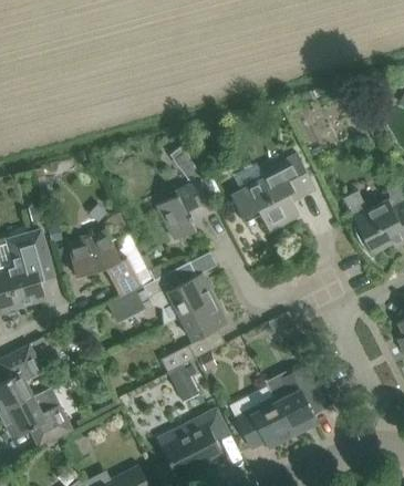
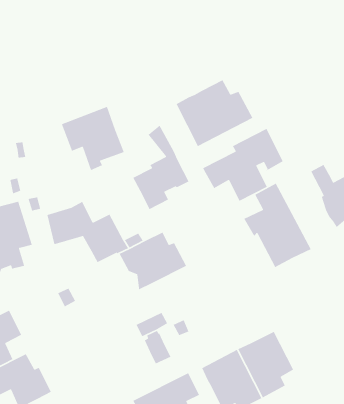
building: none -> [176,79,253,147]
building: none -> [61,106,125,171]
building: none -> [243,182,312,268]
building: [107,290,144,324] -> none
building: [179,299,228,341] -> none

